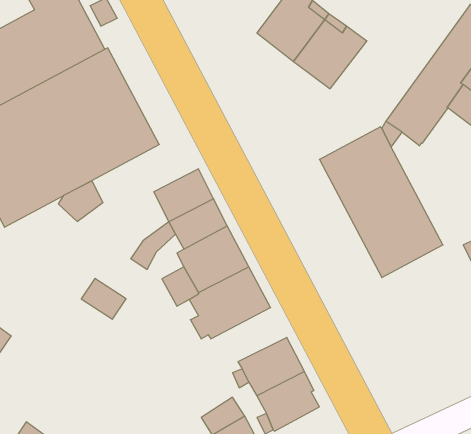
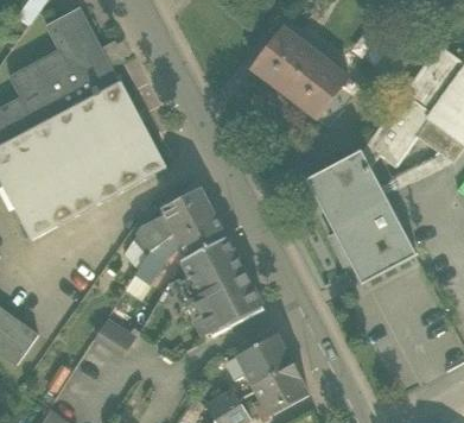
building: [58,181,103,221] -> [136,215,176,251]
building: [81,278,126,319] -> [95,320,134,355]

